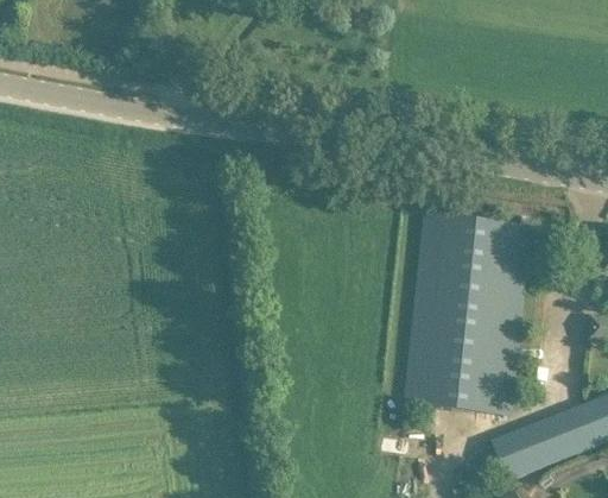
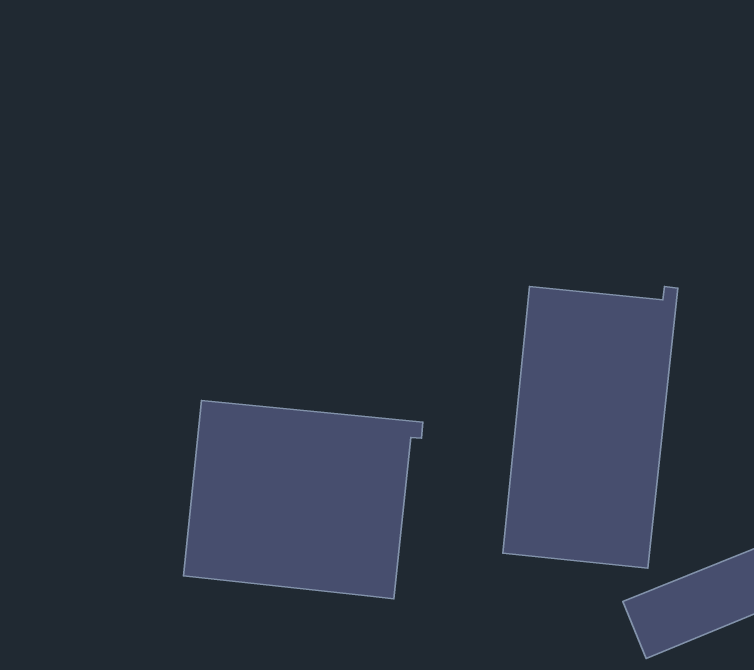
building: none -> [184,400,423,599]

